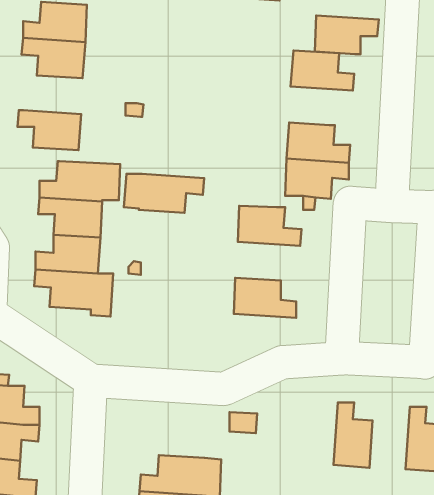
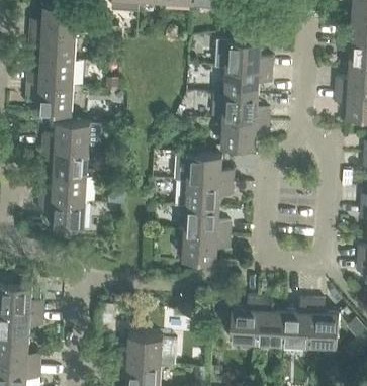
building: [315,15,379,54] -> [224,69,271,97]
building: none -> [27,61,74,89]
building: [124,174,204,213] -> [174,182,233,210]
building: none -> [182,234,230,263]
building: none -> [231,298,260,345]
building: none -> [283,301,312,356]

